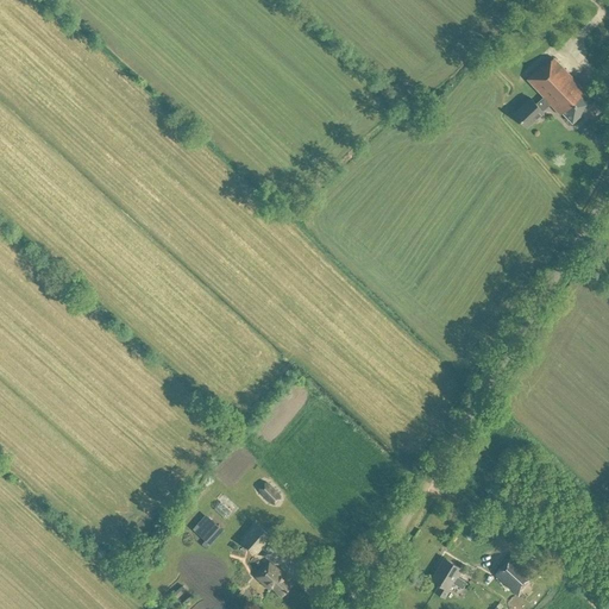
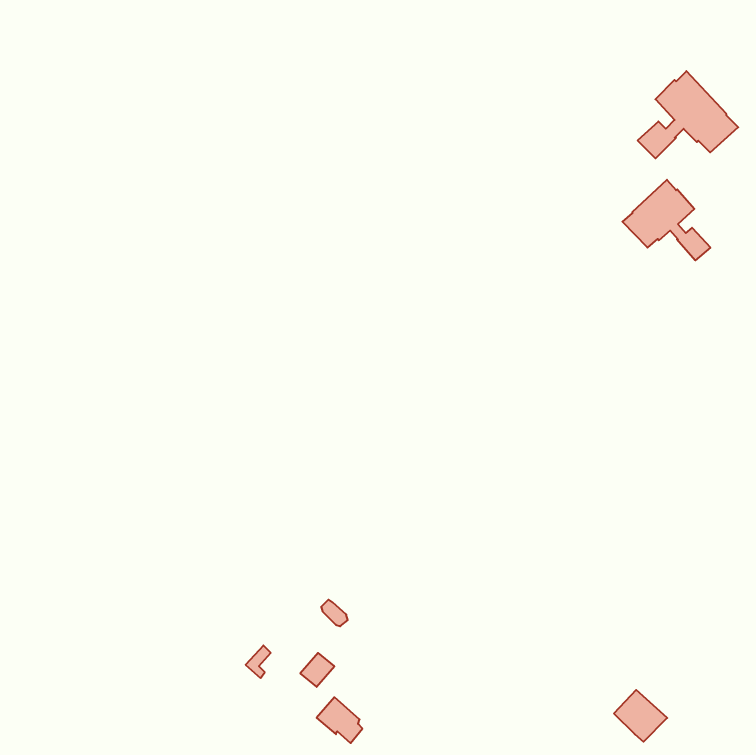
building: none -> [622,180,710,260]
building: [431,558,463,599] -> none

